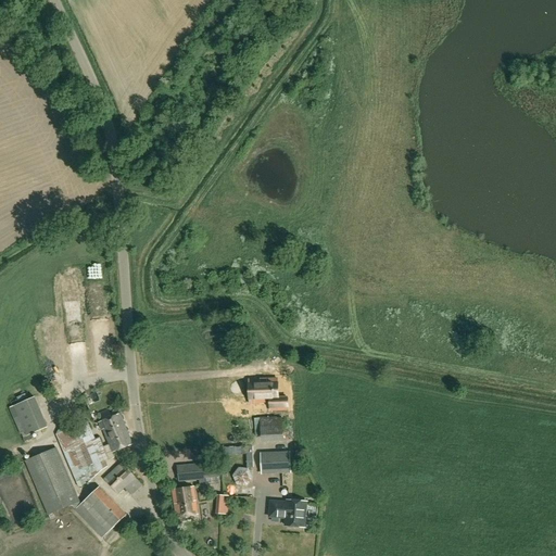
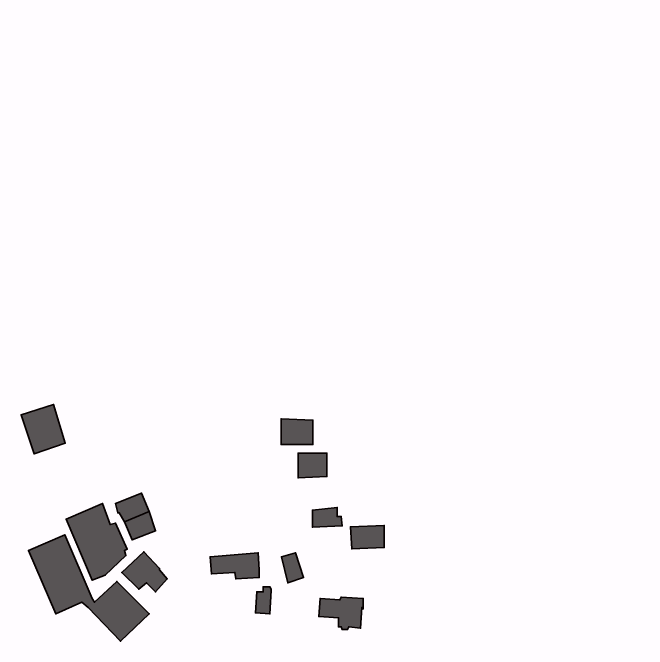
building: none -> [281,419,313,445]
building: [13,395,50,437] -> [21,404,65,454]
building: [260,453,288,472] -> [351,525,384,549]
building: [170,485,197,516] -> none

